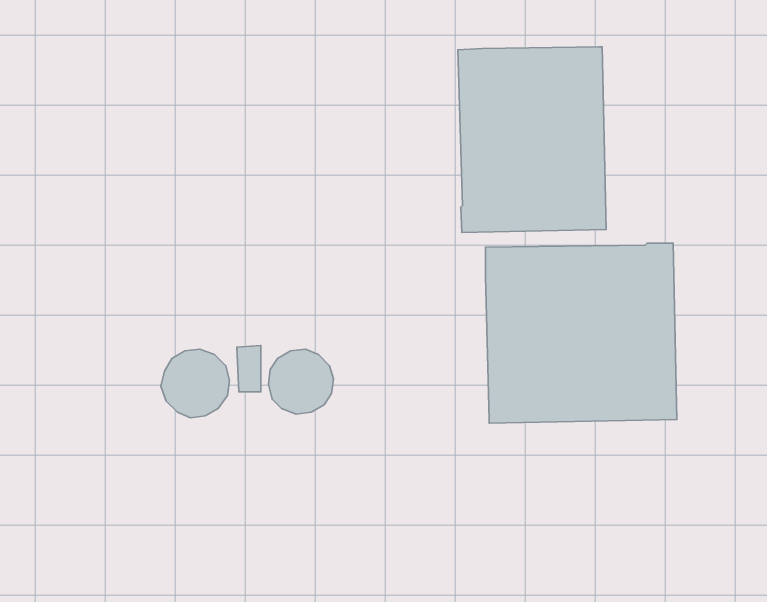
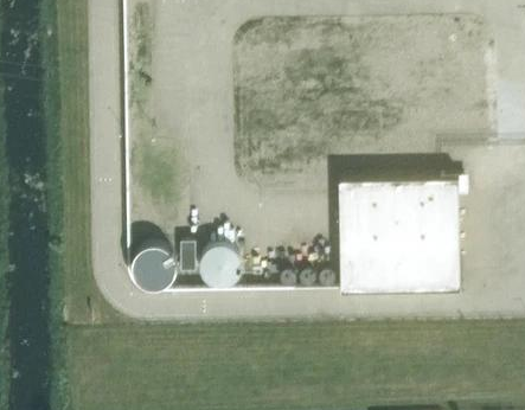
building: [458,47,606,233] -> none

